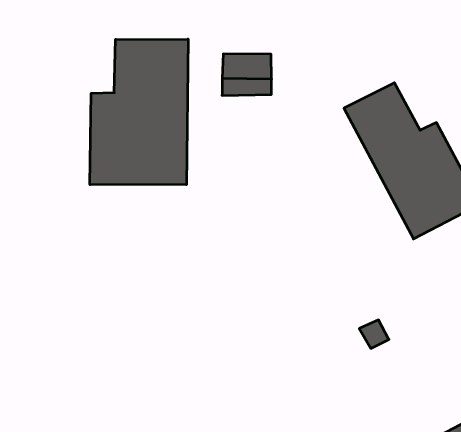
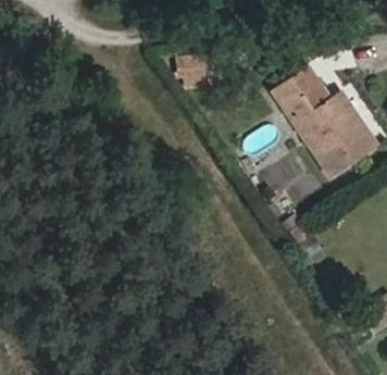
building: [90,39,188,185] -> none

